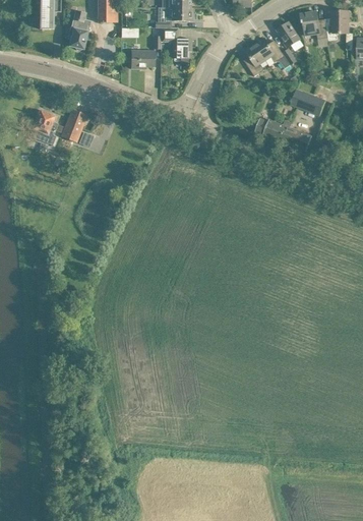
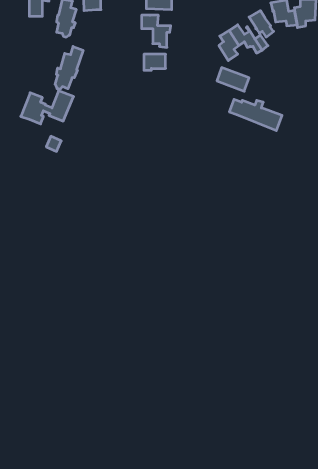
building: [131,50,155,67] -> [144,54,166,70]
building: none -> [55,46,83,89]
building: [291,89,325,114] -> [217,68,249,91]

